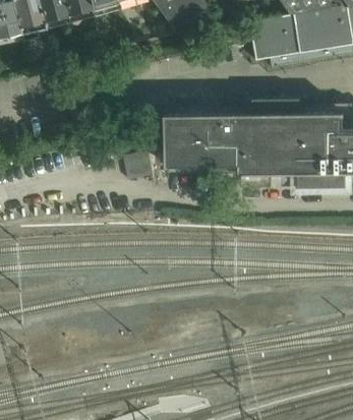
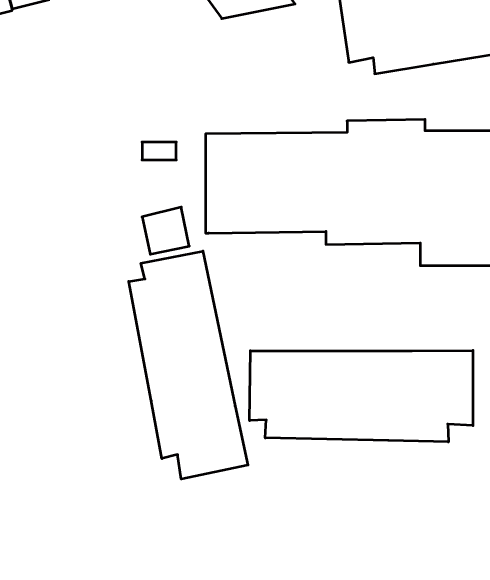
building: none -> [129,251,248,479]
building: none -> [250,350,473,442]

